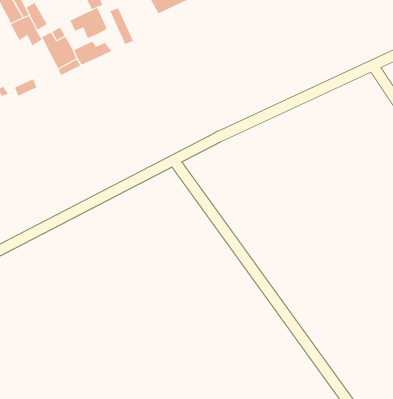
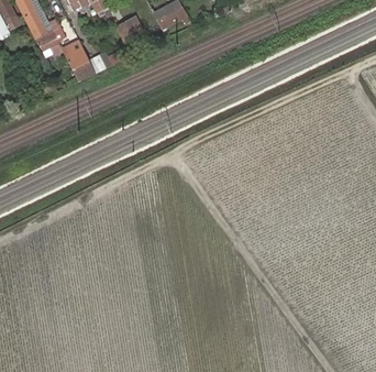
building: [70,7,107,39] -> none

